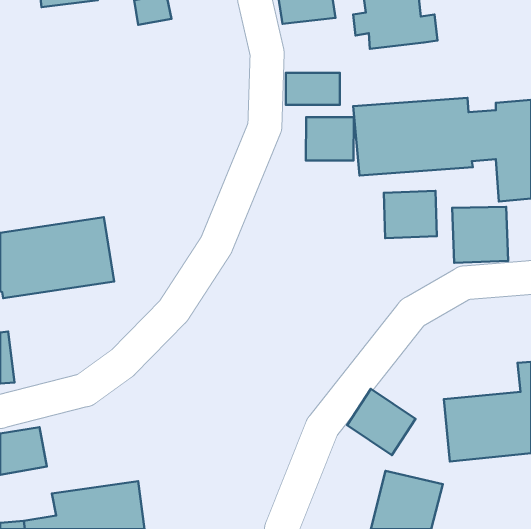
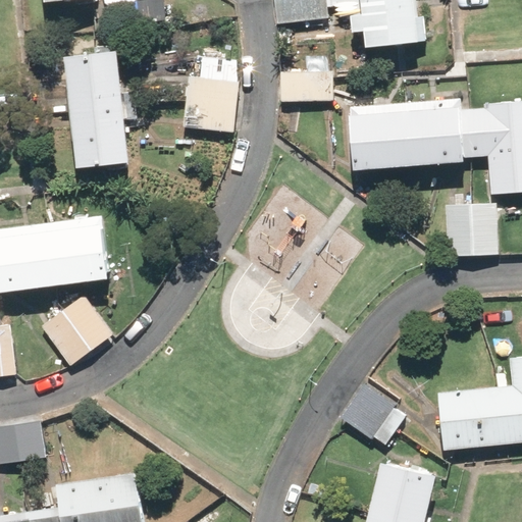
building: none -> [59,51,127,172]
building: none -> [185,73,240,133]
building: [306,117,354,160] -> none
building: [384,191,437,238] -> none
building: none -> [41,295,112,365]

